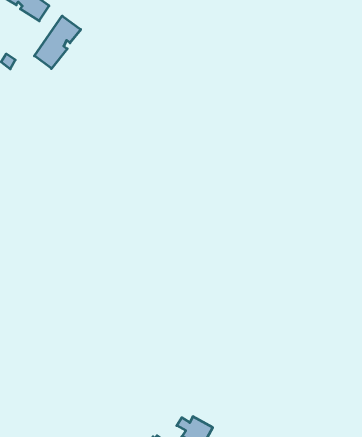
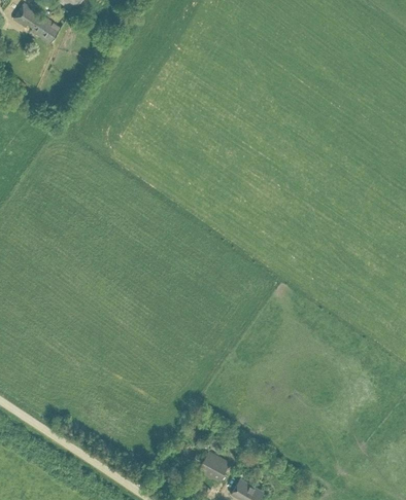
building: [34,16,81,69] -> none

